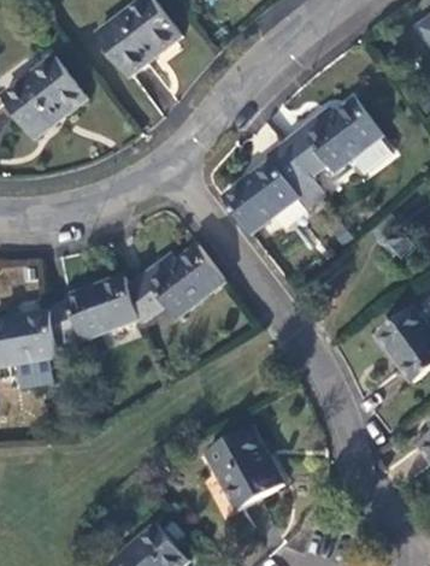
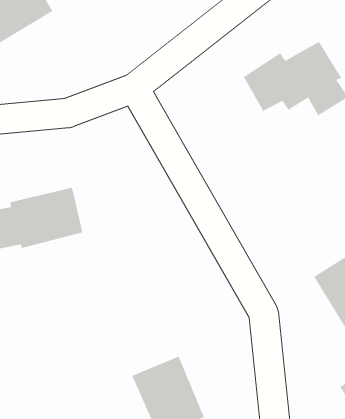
building: [222,143,323,234] -> none
building: [130,243,224,323] -> none

